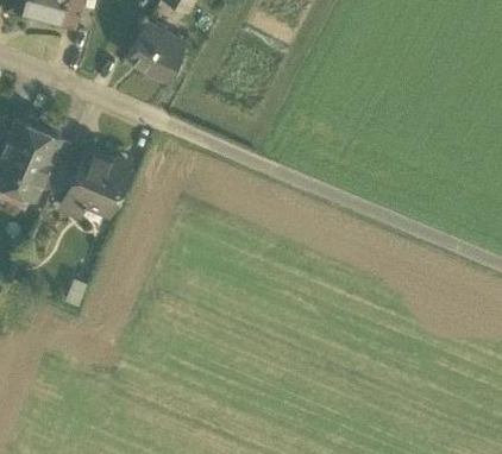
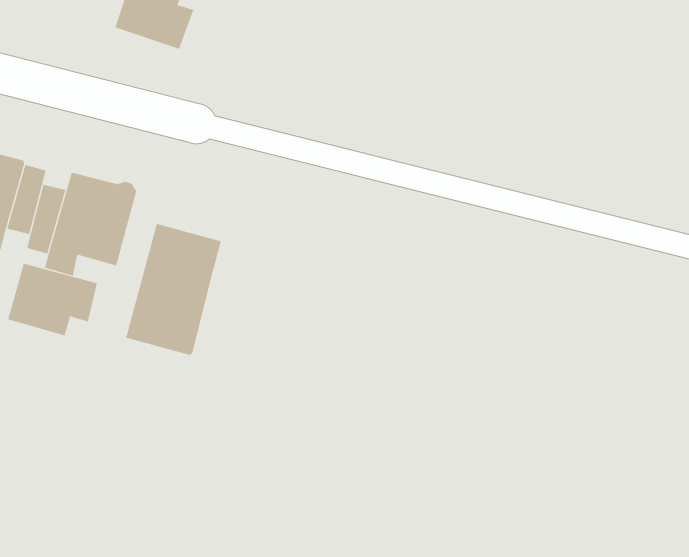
building: none -> [125,223,221,356]
building: none -> [7,263,97,336]

